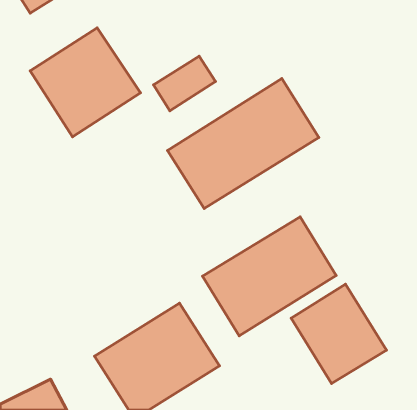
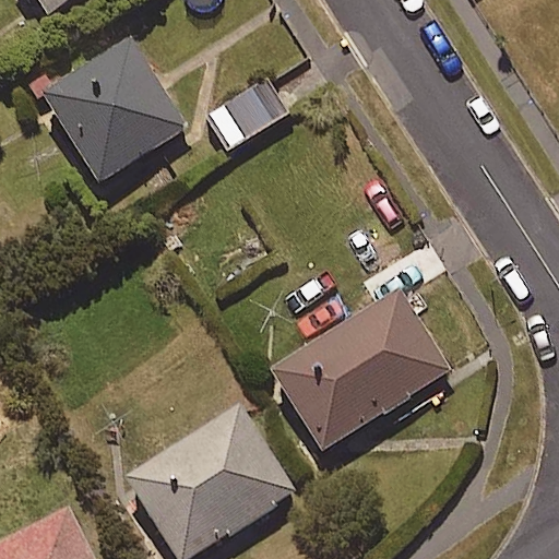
building: [168,78,319,208] -> none
building: [291,284,386,383] -> none

